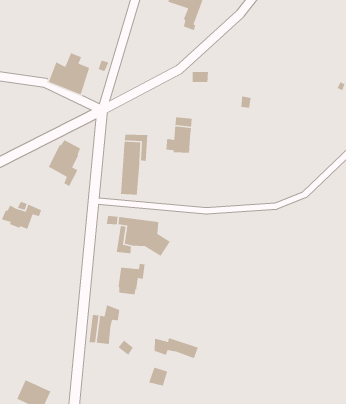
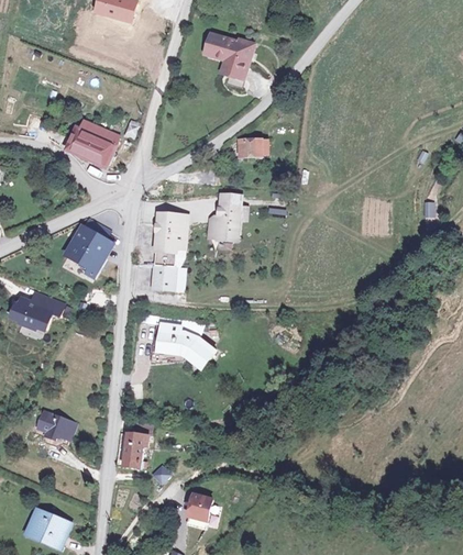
building: [117,263,145,295] -> none
building: none -> [32,412,73,442]
building: [154,337,199,359] -> none

